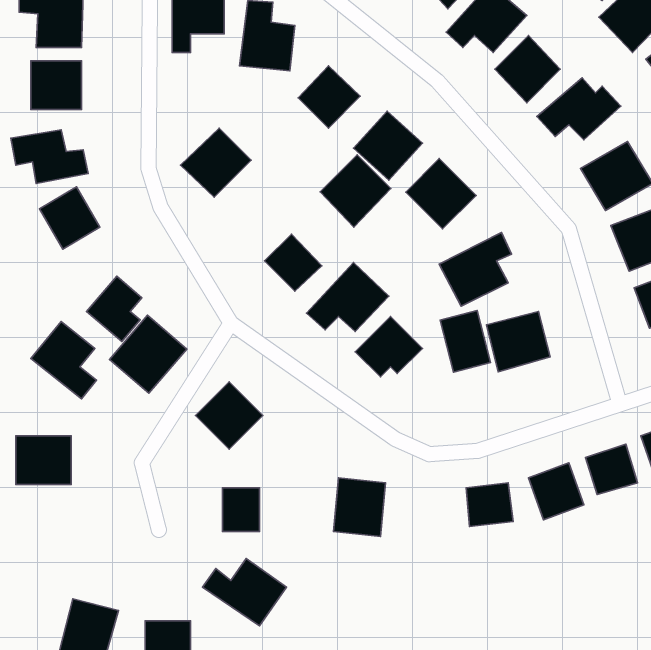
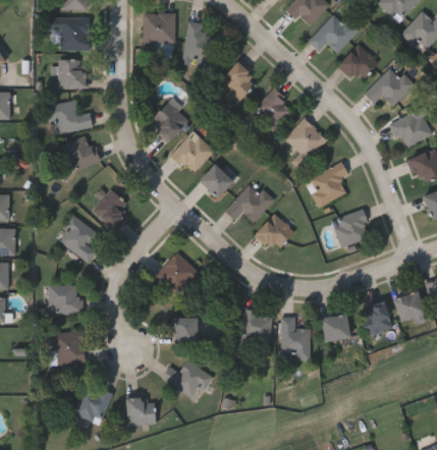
building: [320,155,391,227] -> [171,131,214,175]
building: [440,311,491,372] -> none
building: [110,315,187,393] -> none
building: none -> [281,318,310,360]
building: none -> [48,332,85,367]

